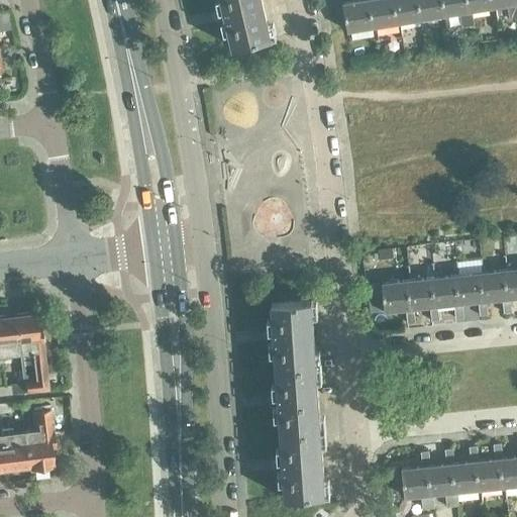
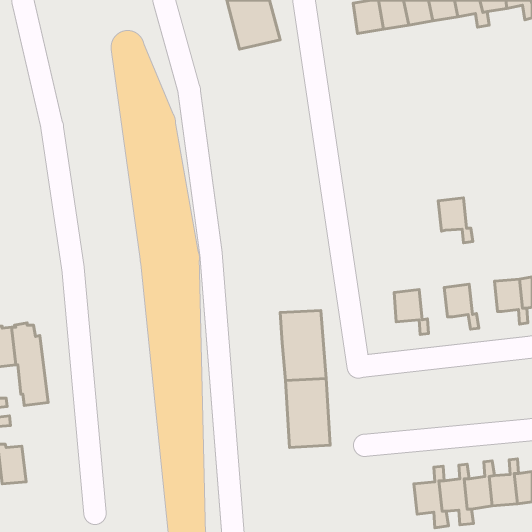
building: [453,274,487,317] -> [438,198,473,243]
building: [405,280,438,322] -> none
building: [21,411,54,472] -> none
building: [280,432,323,499] -> none

